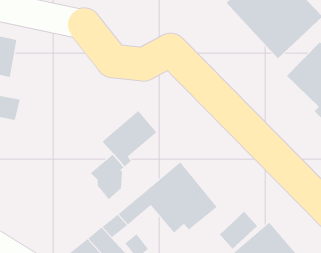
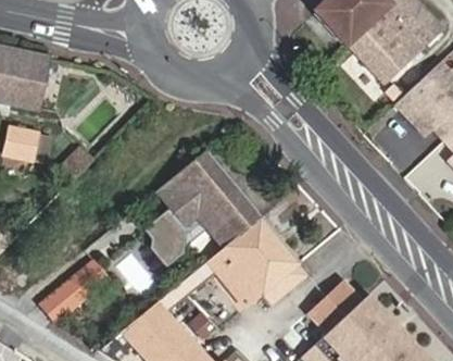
building: none -> [191,178,259,247]
building: none -> [41,260,109,323]

